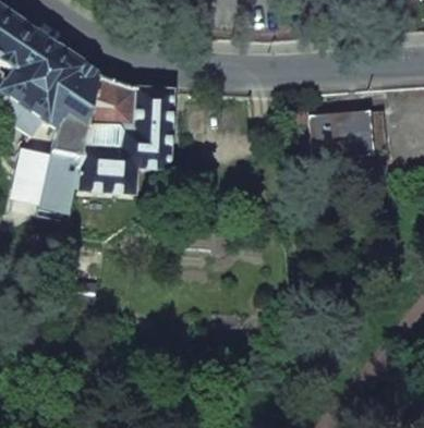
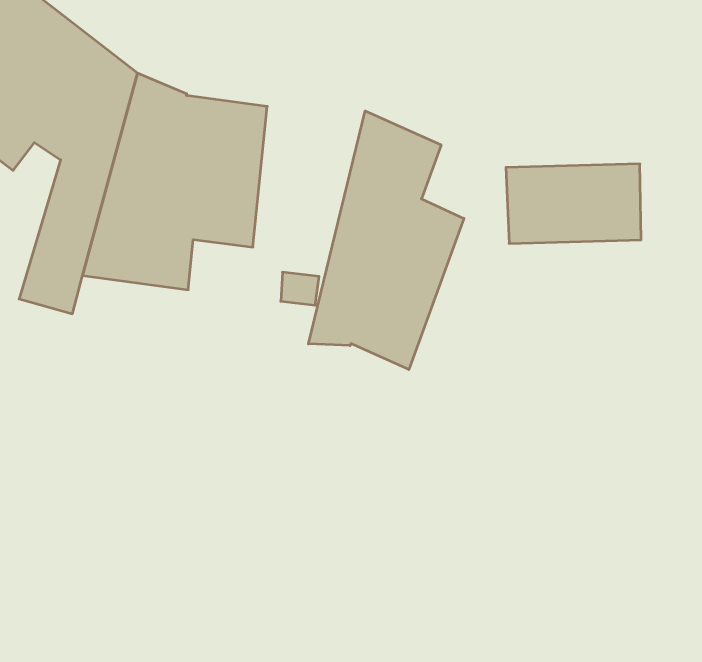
building: none -> [308,111,464,370]

